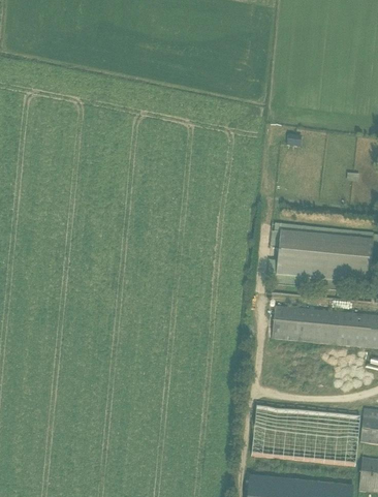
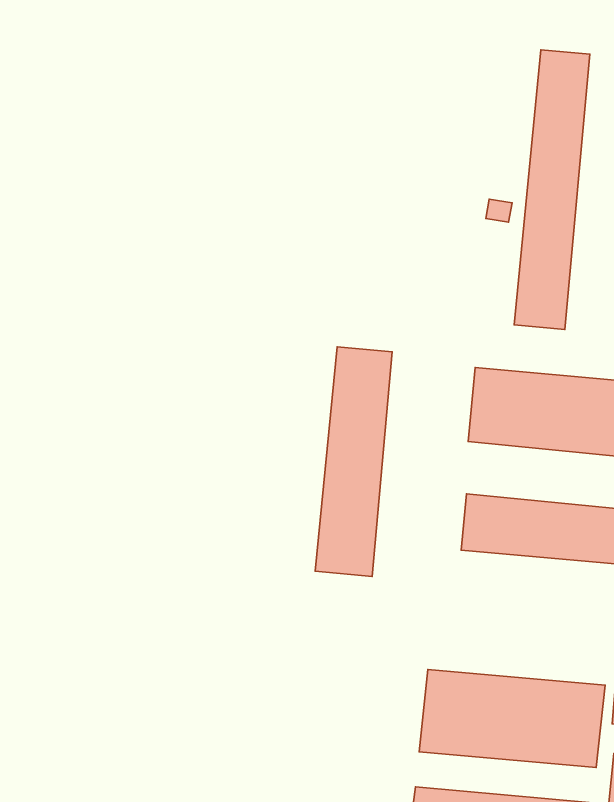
building: none -> [514,50,590,330]
building: none -> [315,347,392,577]

